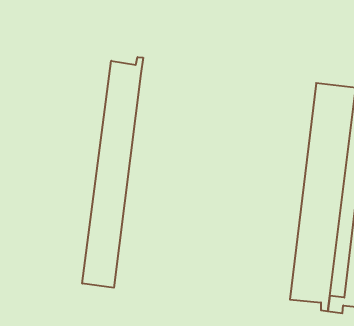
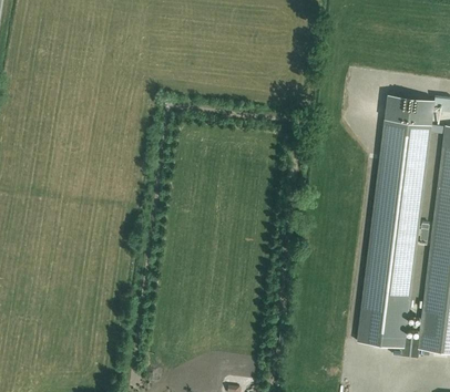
building: [82,57,143,288] -> none

